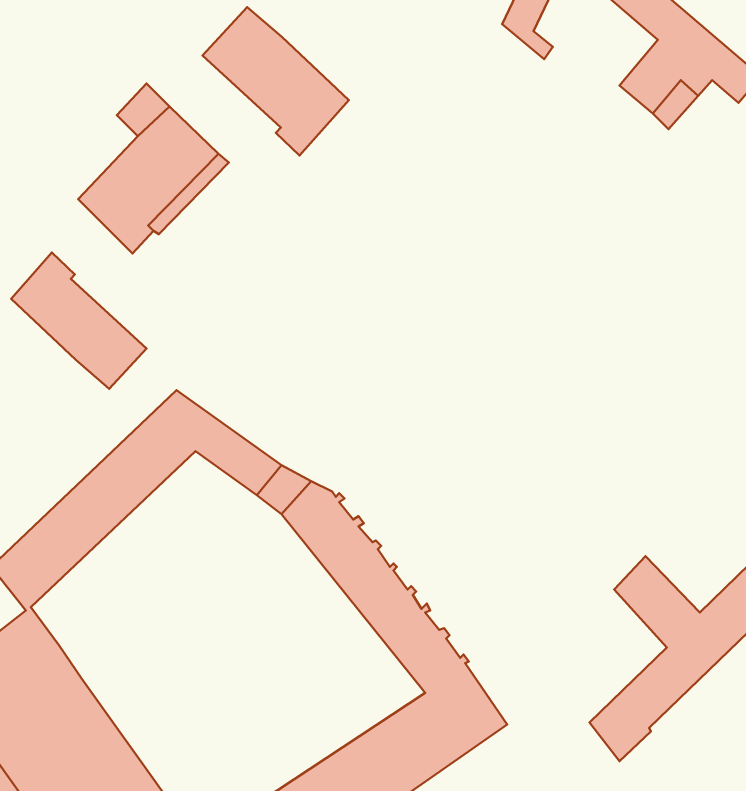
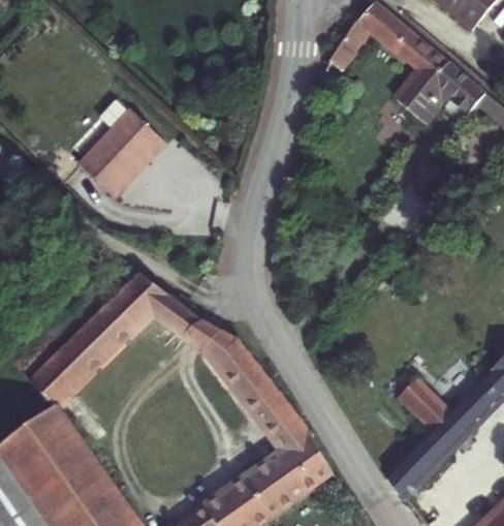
building: [202,7,349,156] -> none
building: [11,252,146,389] -> none

